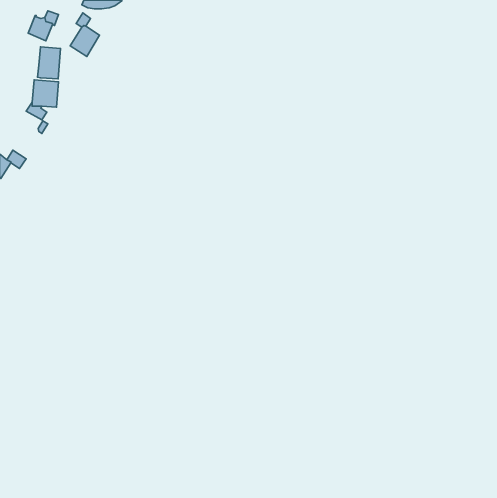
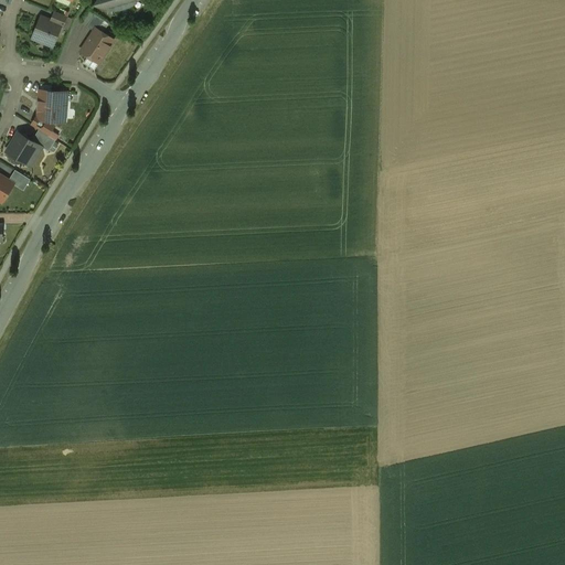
building: [37,47,61,79] -> none
building: none -> [6,134,38,162]

